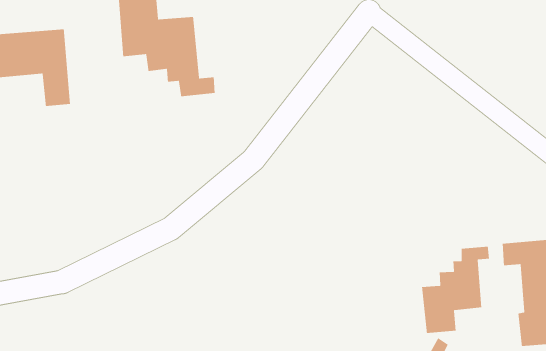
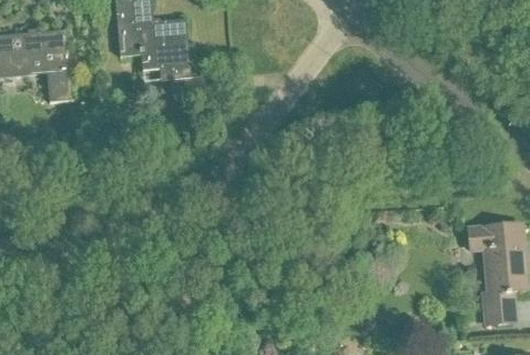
building: [421,246,490,334] -> none

